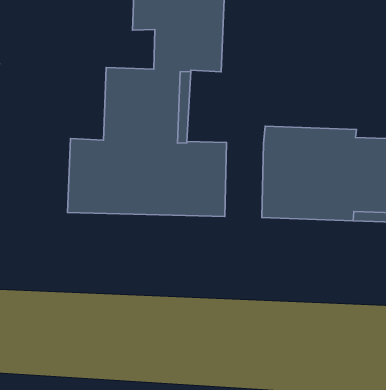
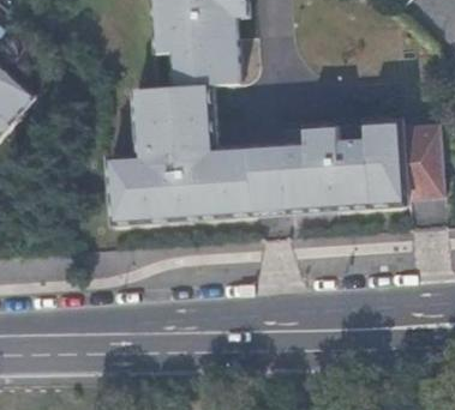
building: none -> [250,144,288,213]

